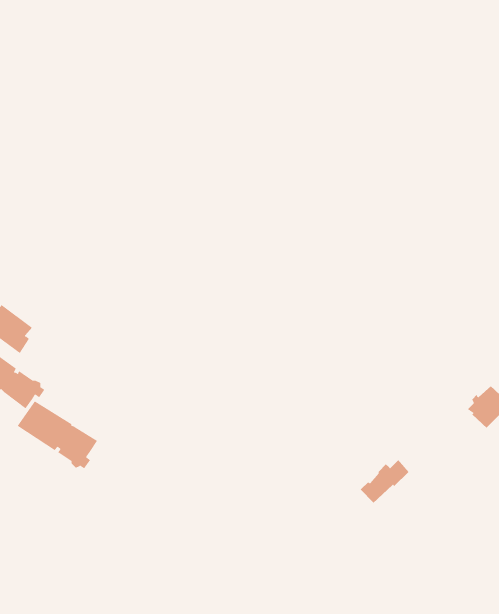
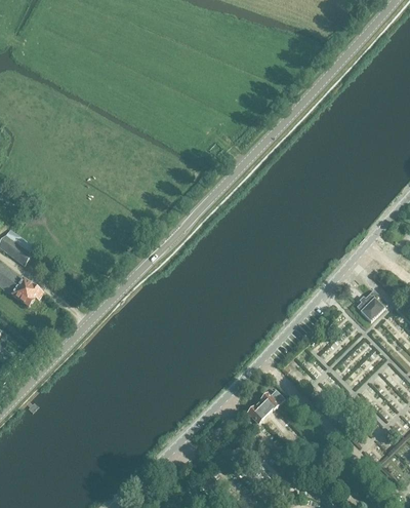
building: [17,400,98,469] -> none
building: [360,459,409,503] -> [246,390,283,423]

